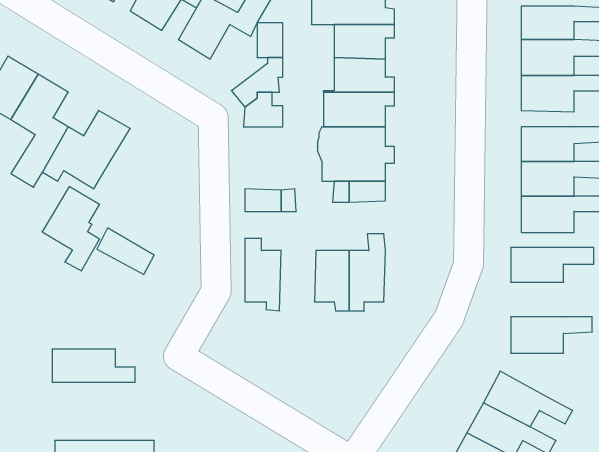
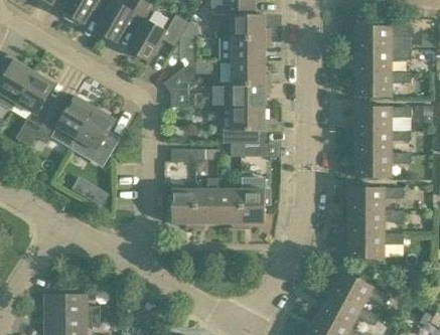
building: [42,187,100,271] -> [78,108,116,164]
building: none -> [195,178,219,229]
building: none -> [349,210,404,233]
building: [52,349,135,382] -> [45,294,101,316]

